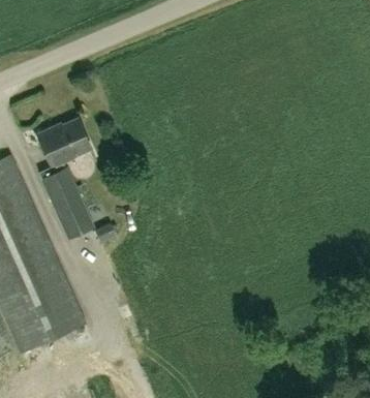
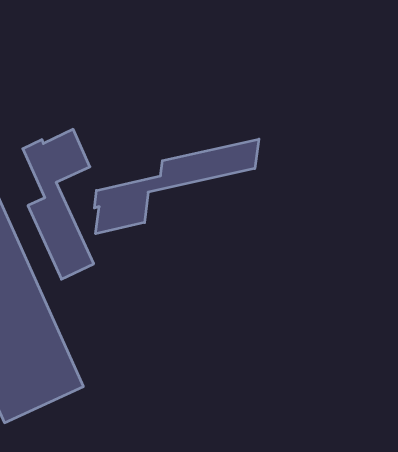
building: none -> [94,139,259,234]

